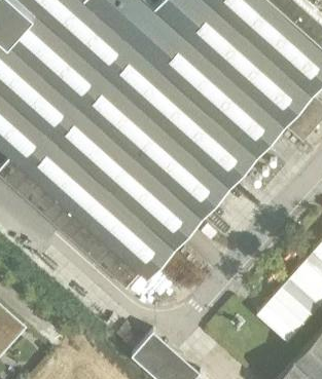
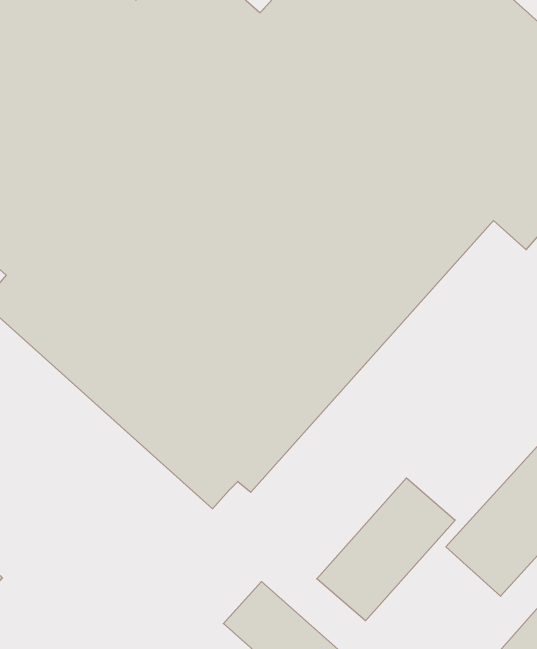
building: none -> [317,478,455,621]

